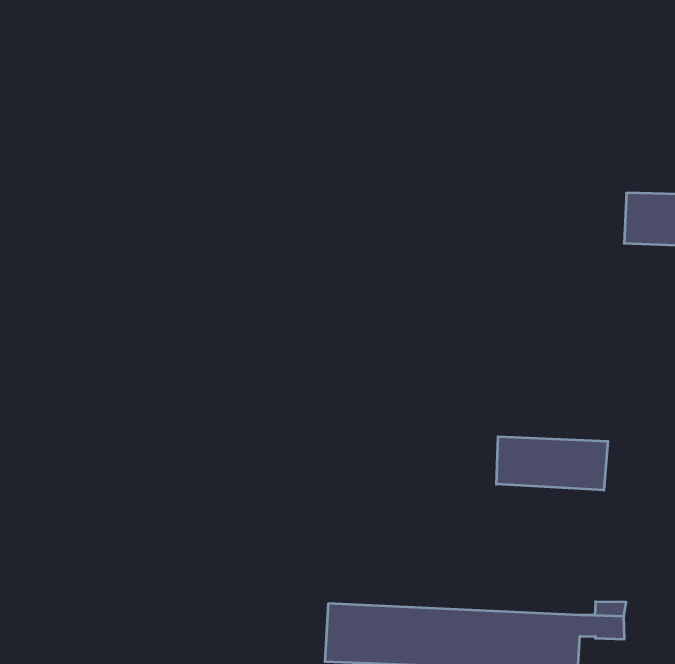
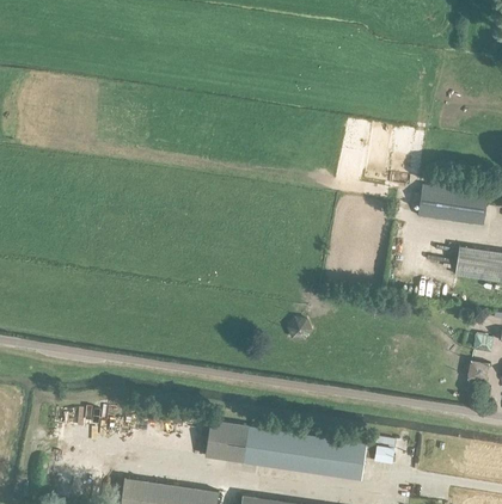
building: [496,437,608,490] -> none

